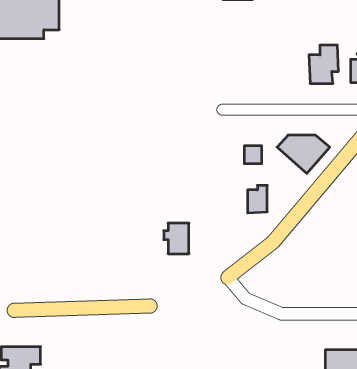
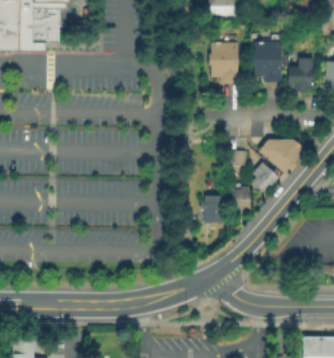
building: none -> [209,42,239,85]
building: none -> [252,43,281,83]
building: none -> [252,161,279,193]
building: [164,223,189,254] -> [200,195,223,223]

